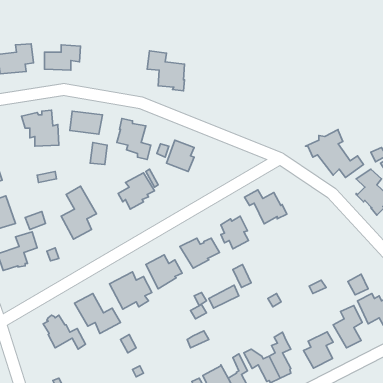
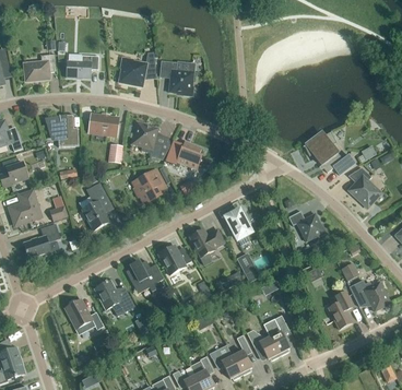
building: none -> [120,52,156,85]
building: [245,190,287,224] -> [288,211,327,241]
building: [304,332,333,368] -> none

